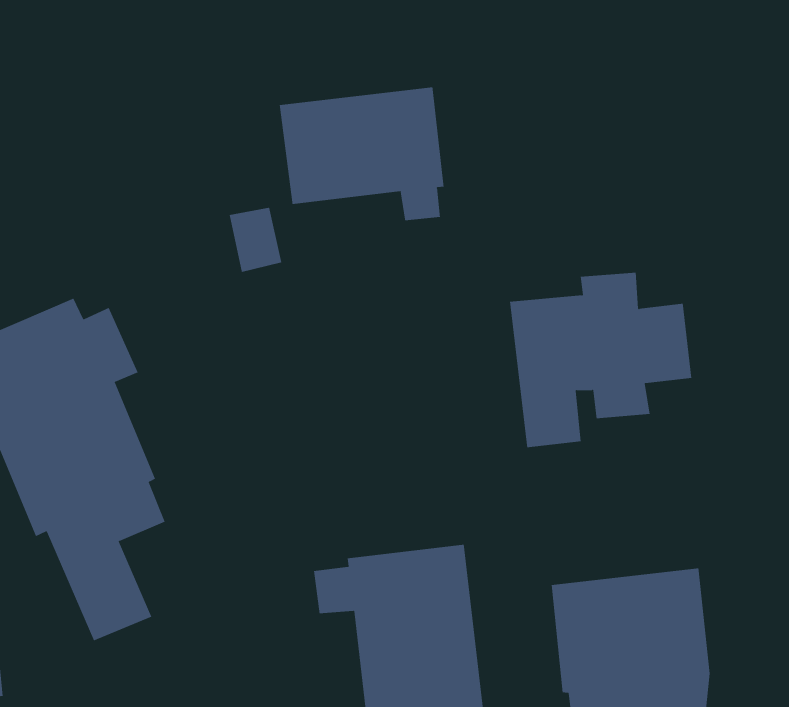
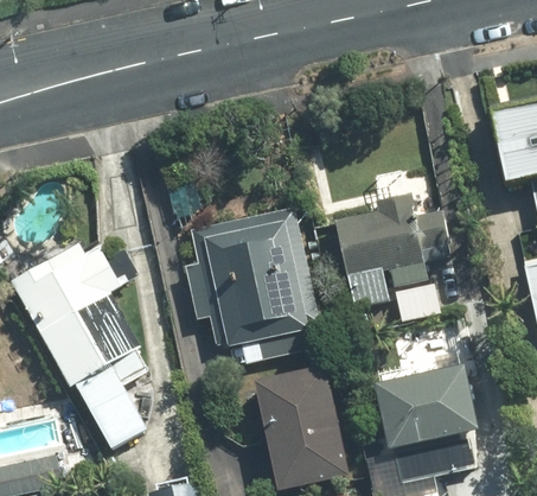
building: [279,87,444,221] -> none
building: none -> [186,209,317,364]

